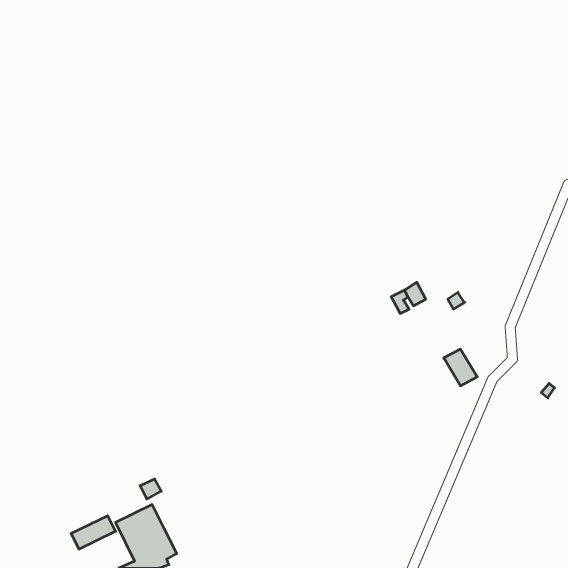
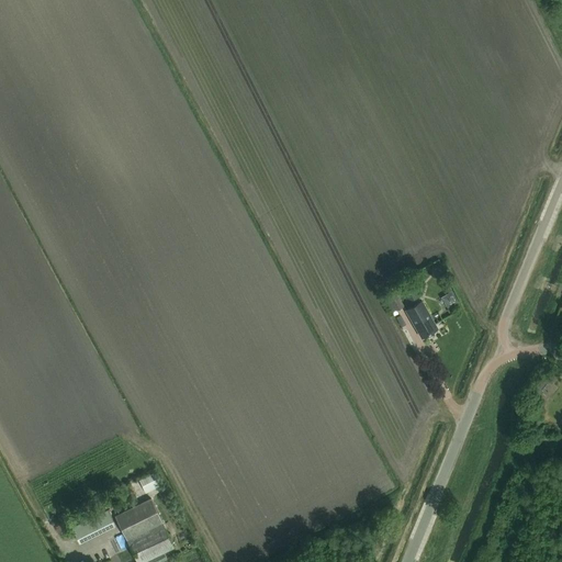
building: [444,349,477,386] -> [405,302,438,338]

